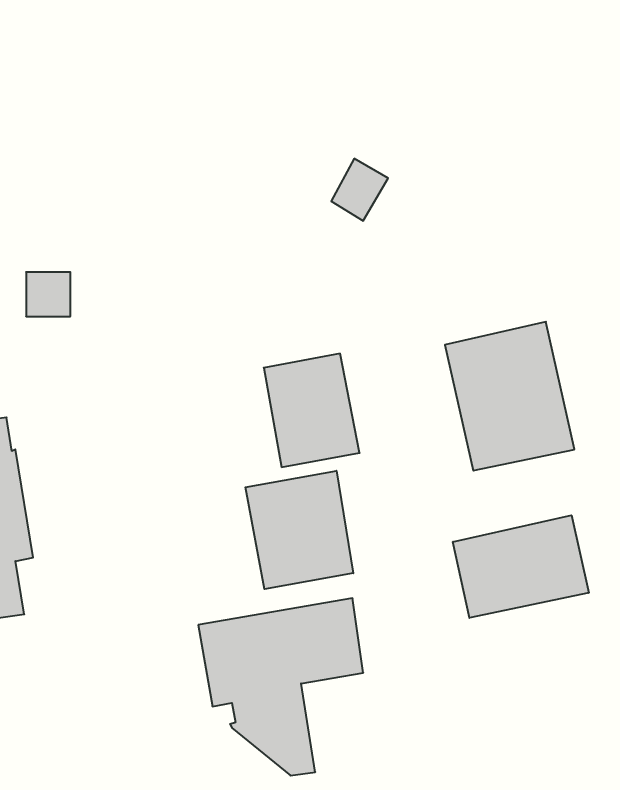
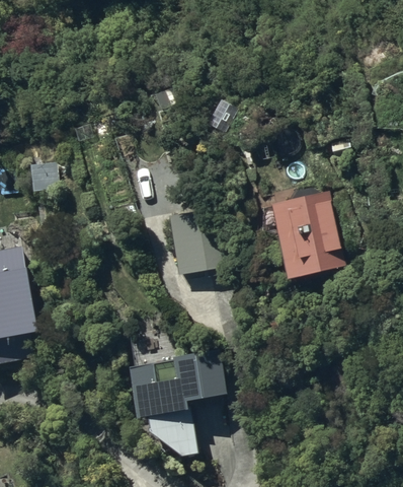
building: [245,471,353,589] -> none
building: [453,515,589,618] -> none

